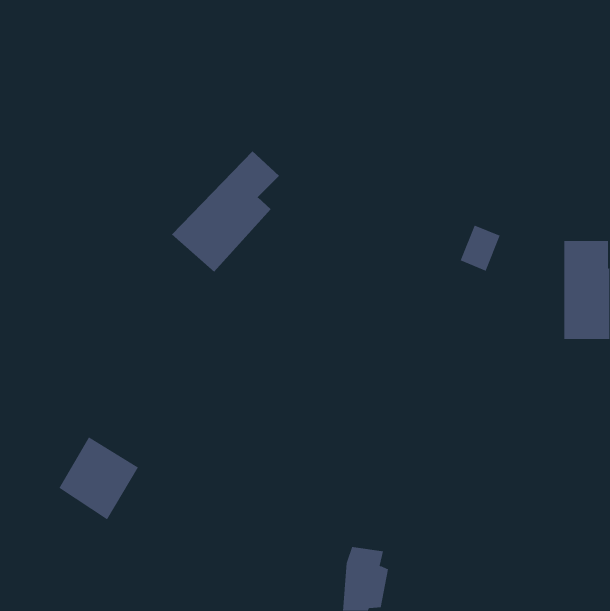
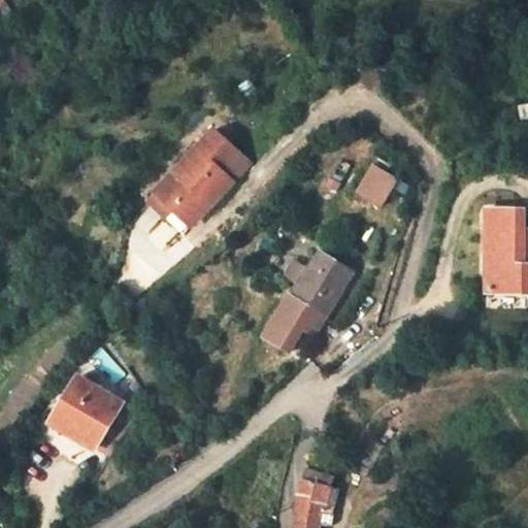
building: [460,225,501,271] -> [359,166,394,206]
building: none -> [260,250,353,354]

